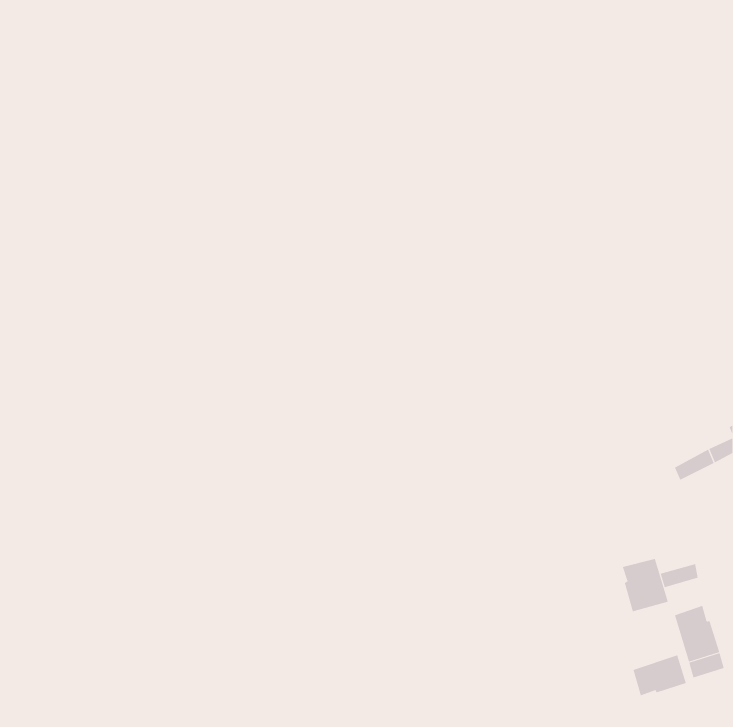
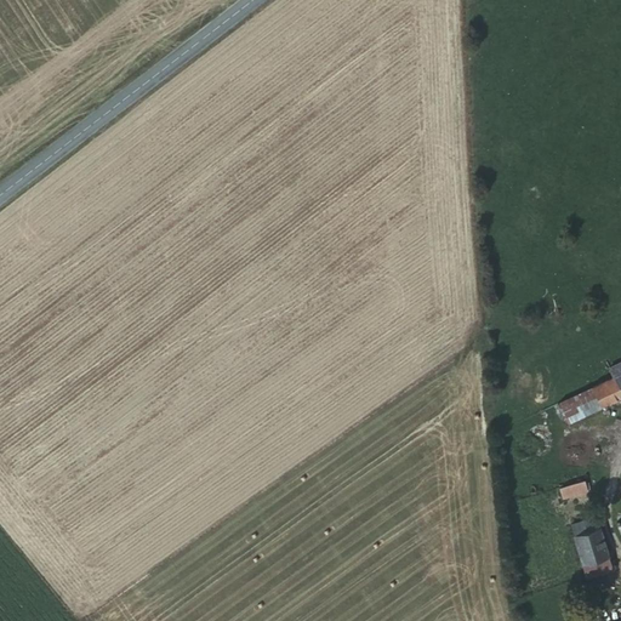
building: [622,558,668,612] -> none
building: [633,655,687,696] -> none

